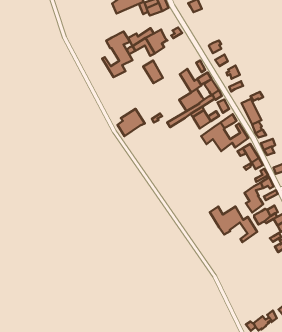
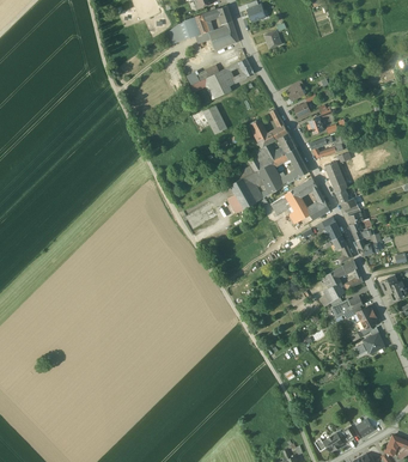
building: [102,31,133,77] -> none
building: [117,109,145,136] -> [229,180,263,213]
building: [210,206,257,242] -> none

